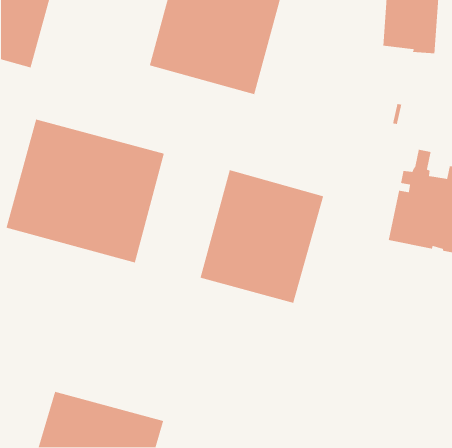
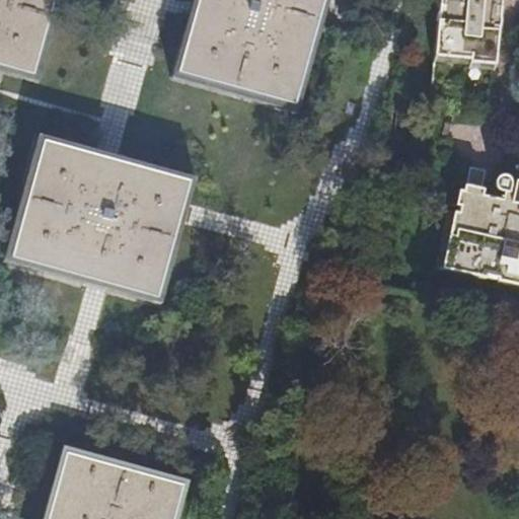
building: [199,169,324,304] -> none

